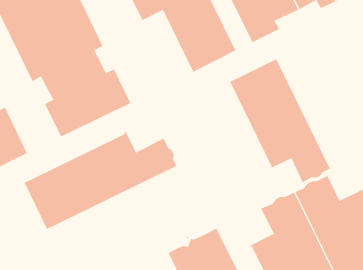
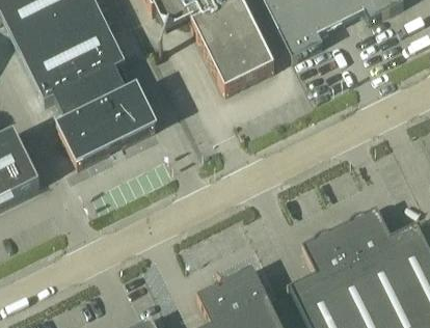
building: [230,59,331,183] -> none
building: [24,131,177,230] -> none

